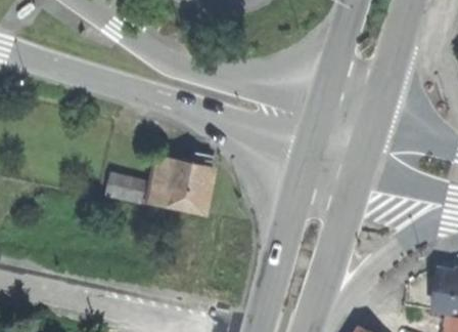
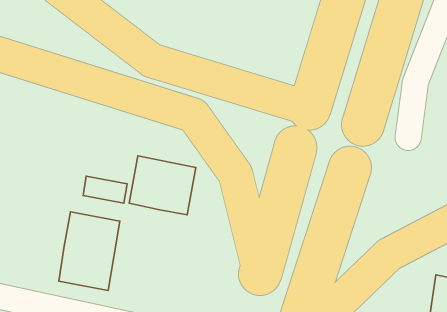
building: none -> [59,212,120,291]

